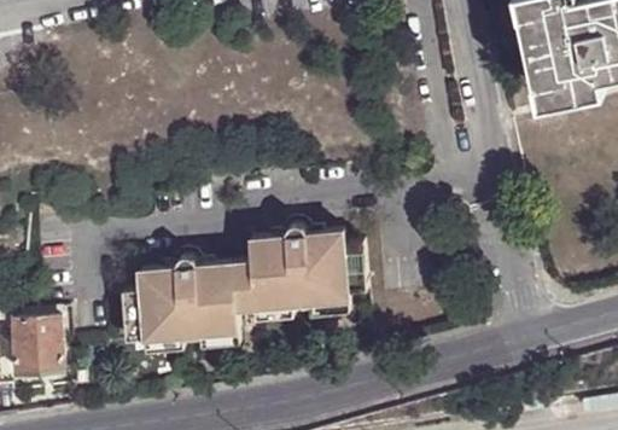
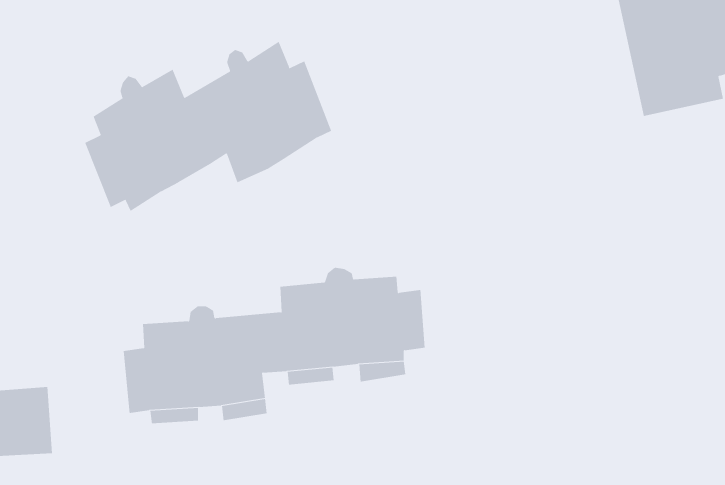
building: none -> [84,41,332,212]

